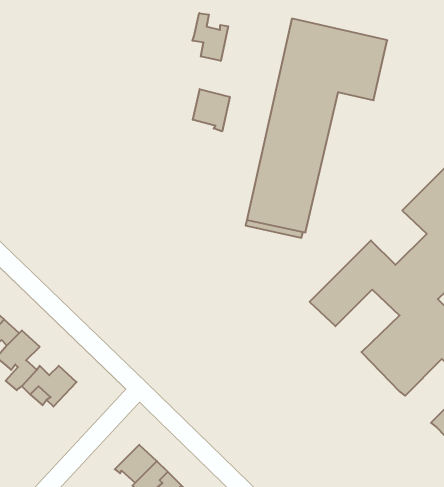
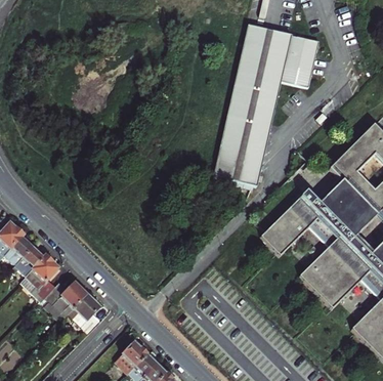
building: [192,13,228,61] -> none
building: [193,89,230,131] -> none
building: none -> [69,296,98,333]

